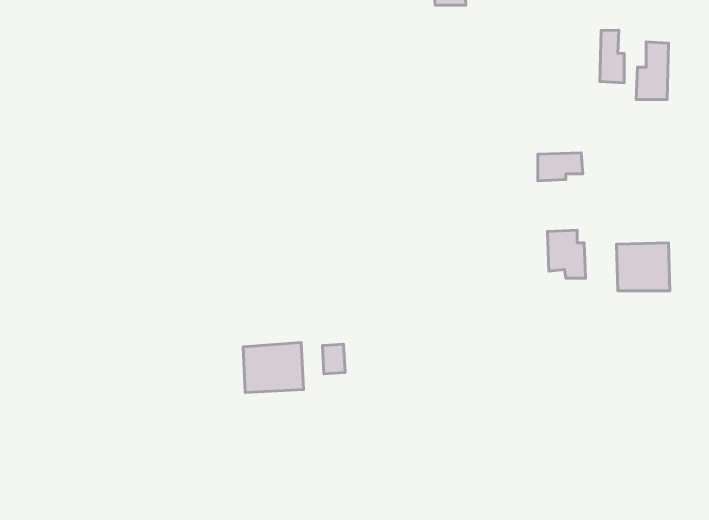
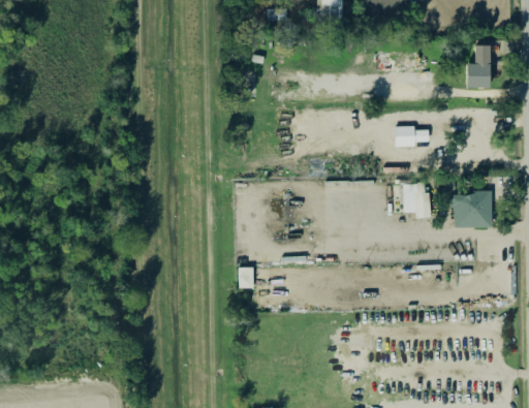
building: [600,30,624,83] -> none
building: [243,342,303,392] -> none

